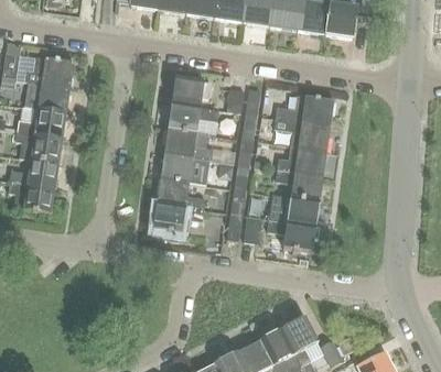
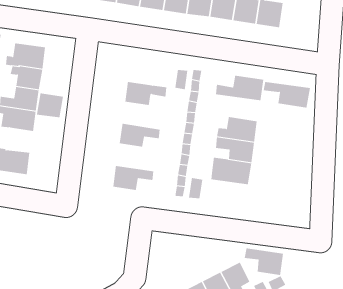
building: [170,77,211,107] -> none
building: [272,118,330,150] -> [263,81,311,108]
building: [163,127,212,160] -> none
building: [25,157,58,187] -> [36,93,64,118]
building: [155,176,204,209] -> none
building: [267,219,314,252] -> [244,248,284,276]

